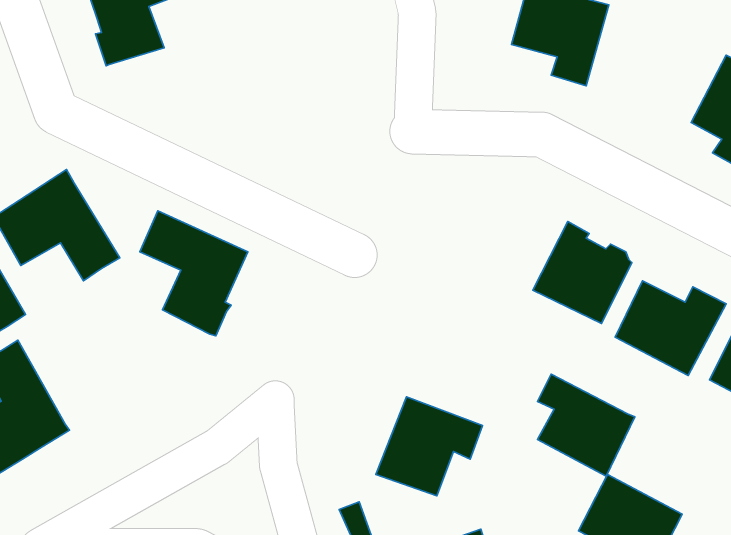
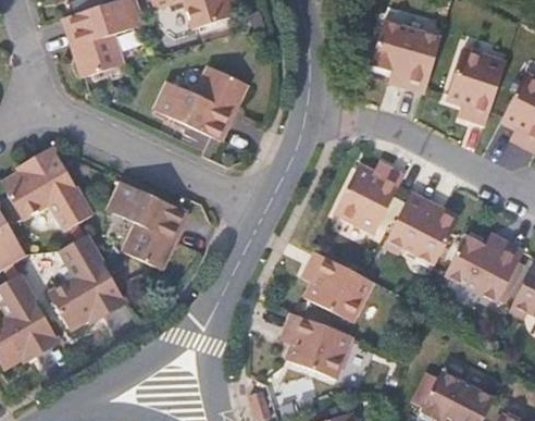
building: none -> [445,45,507,123]
building: none -> [153,66,247,138]
building: none -> [334,160,405,230]
building: none -> [49,234,124,330]
building: [537,374,635,476] -> [303,248,373,321]

